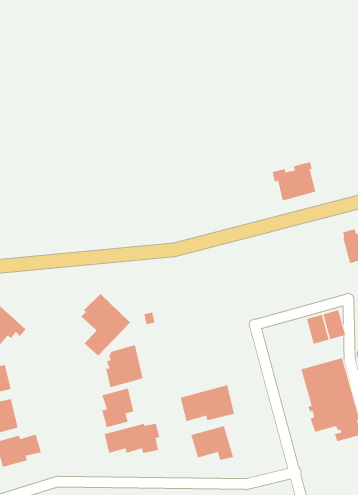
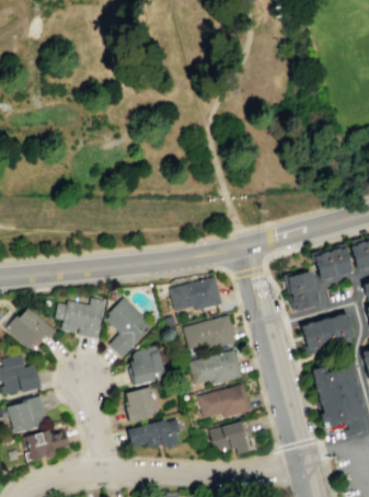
building: [272,161,316,201] -> [311,243,353,280]
building: none -> [282,270,321,312]
building: none -> [170,276,222,311]
building: none -> [56,298,106,339]
building: none -> [184,315,237,350]
building: none -> [302,322,324,355]
building: none -> [189,349,242,384]

